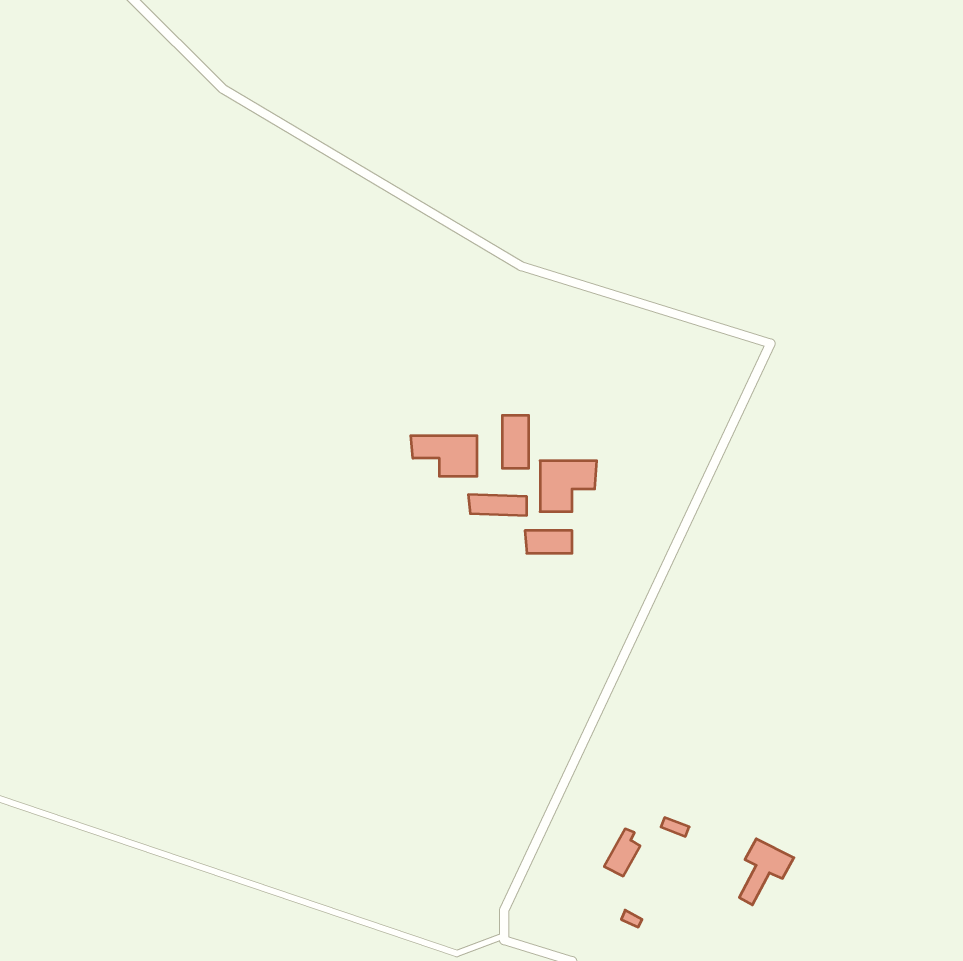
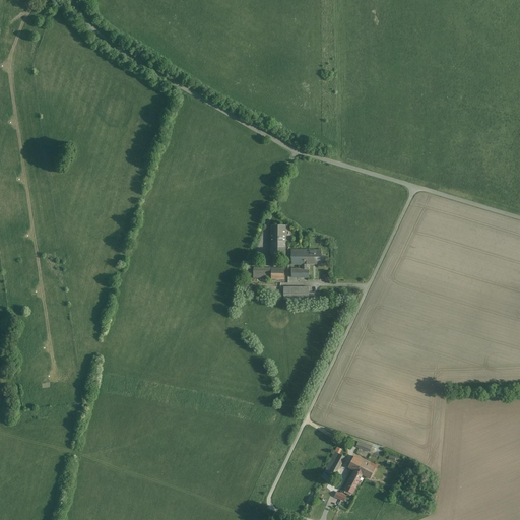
building: [411,436,477,476] -> none
building: [739,839,794,905] -> [345,455,375,491]

